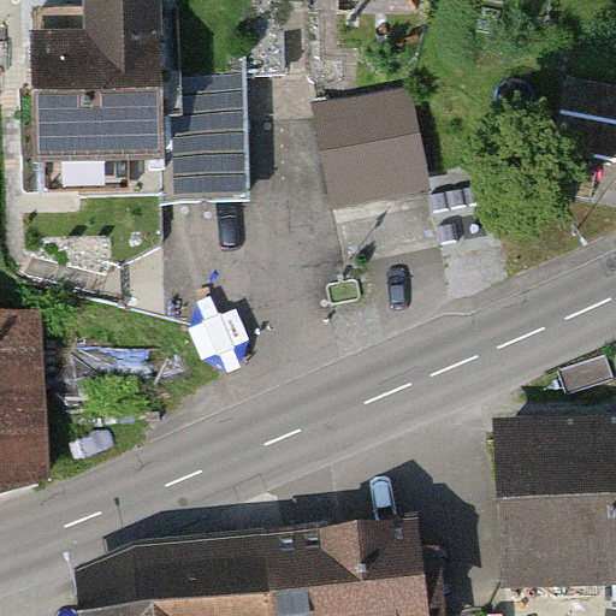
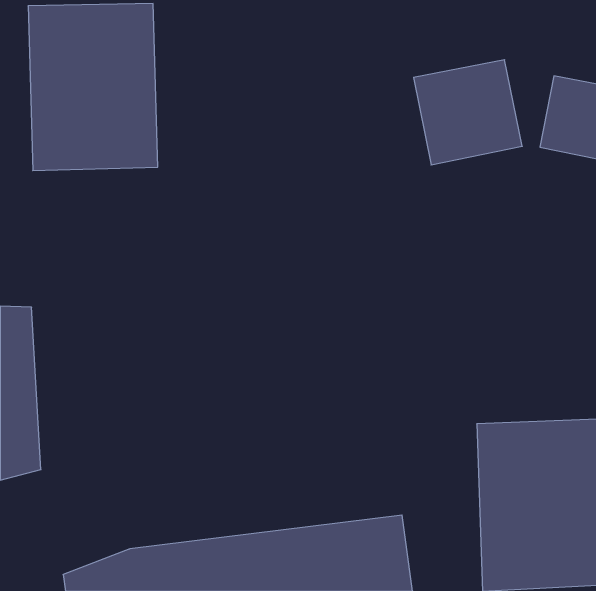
building: [180,67,259,194] -> none
building: [318,78,430,186] -> [414,60,522,165]

